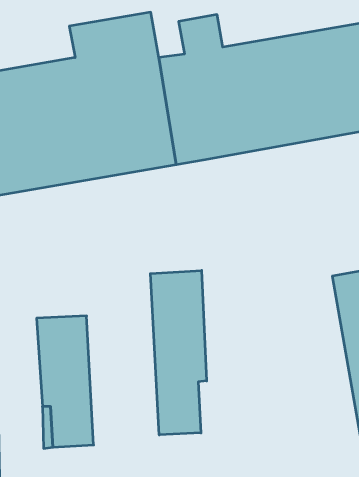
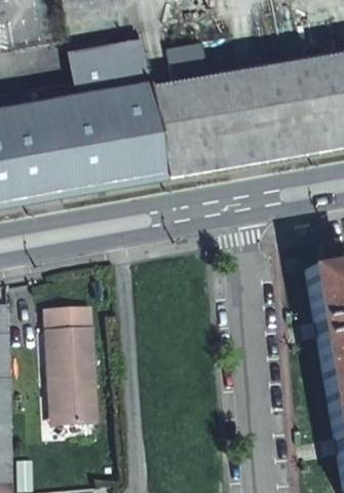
building: [150,270,207,435] -> none

